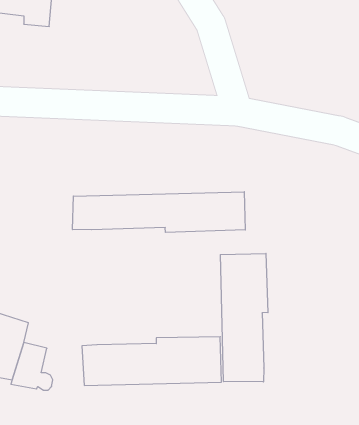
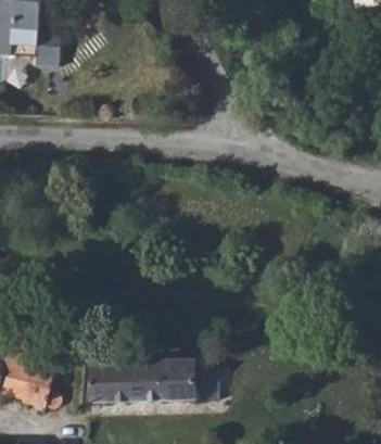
building: [73,192,245,232] -> none
building: [220,253,268,382] -> none

